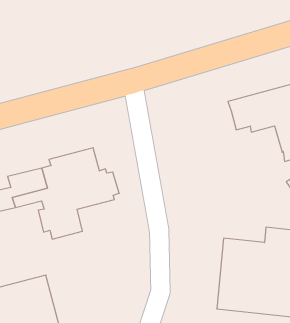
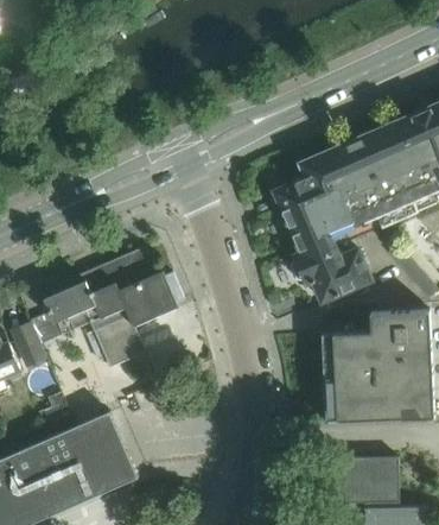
building: none -> [274,176,377,302]

